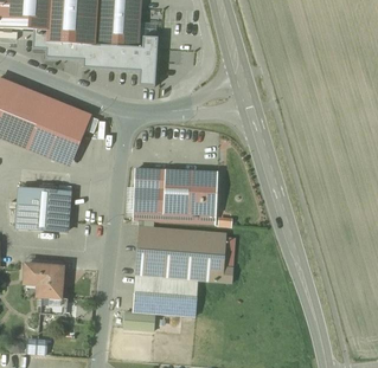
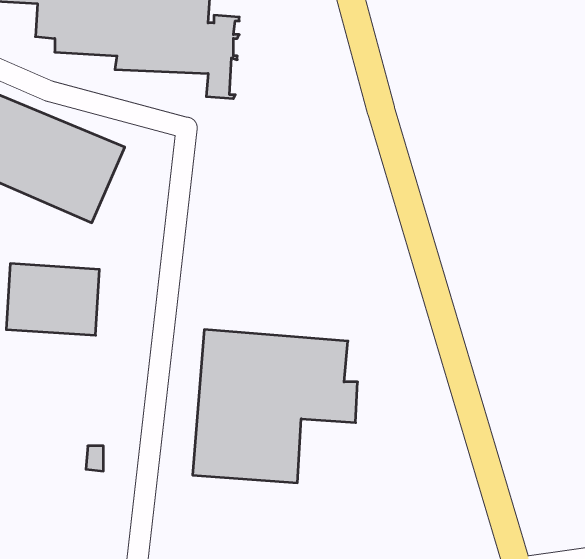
building: [133,167,216,224] -> none
building: [25,263,63,297] -> none

